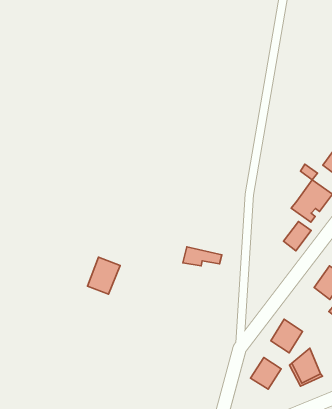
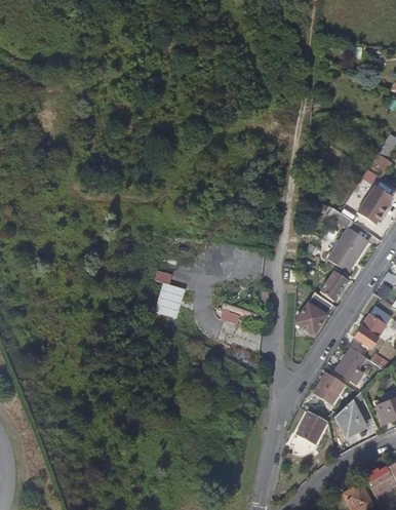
building: none -> [296,292,332,328]
building: [88,257,120,294] -> [154,281,186,318]
building: none -> [336,348,365,382]

